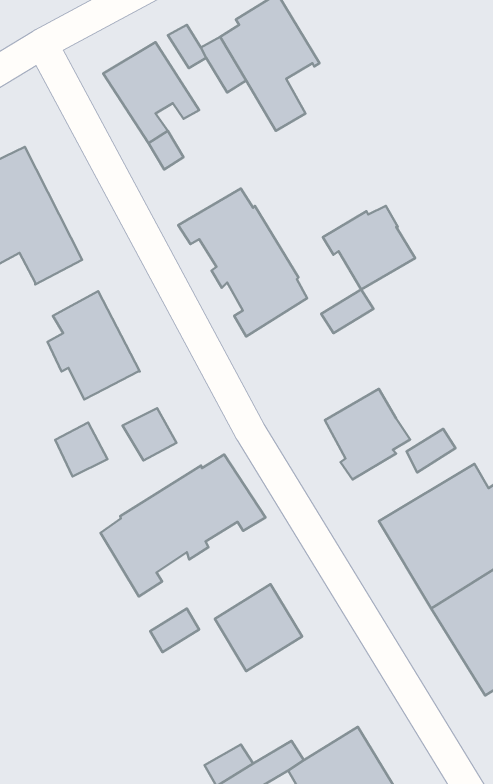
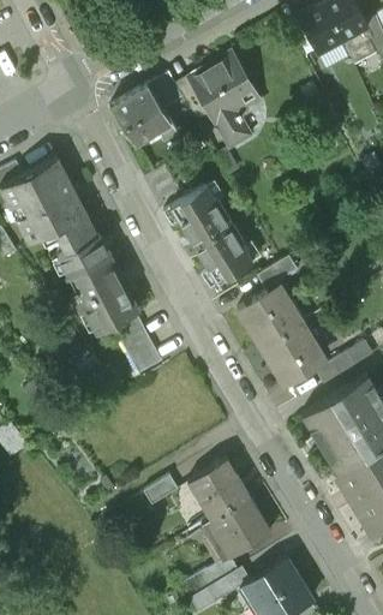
building: [323,206,415,290] -> [238,288,301,346]
building: none -> [58,234,109,277]
building: [55,423,107,477] -> [113,312,149,350]
building: [100,455,265,596] -> none
building: none -> [201,495,271,561]

